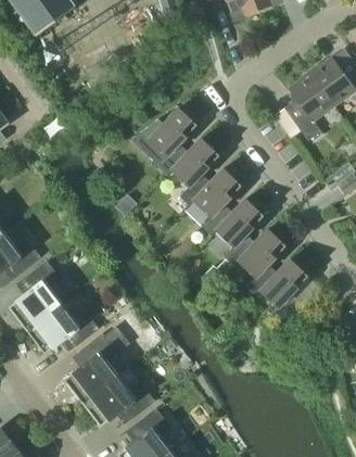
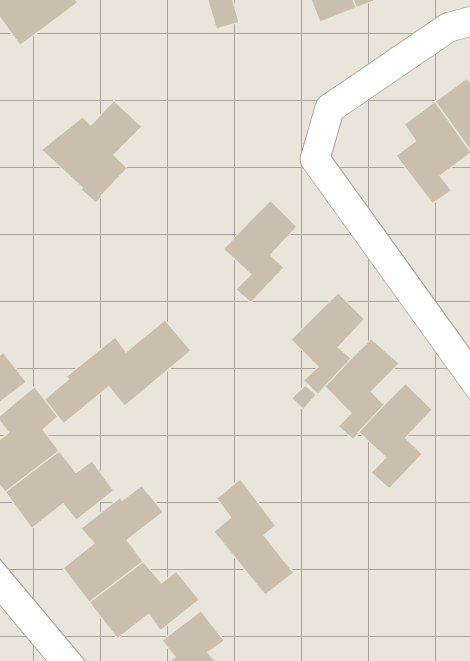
building: [131,106,198,174] -> [41,100,142,203]
building: [193,167,242,234] -> none
building: none -> [44,320,191,424]
building: none -> [214,479,294,595]

